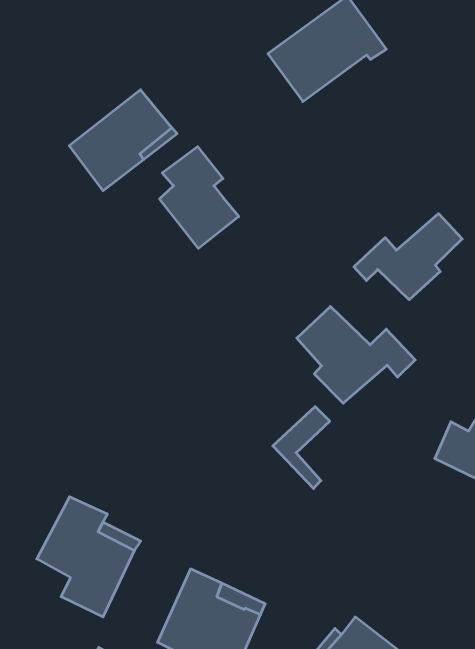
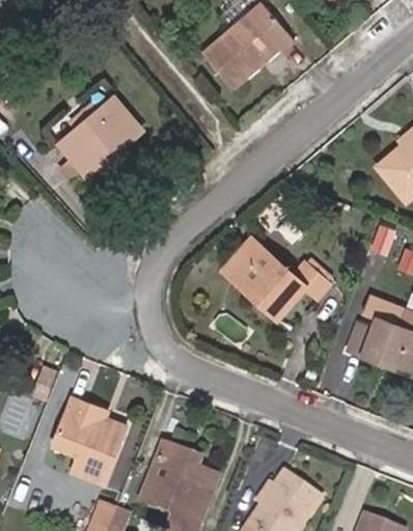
building: [160,147,239,248] -> none
building: [354,214,462,300] -> none
building: [273,407,330,489] -> [219,233,260,295]

